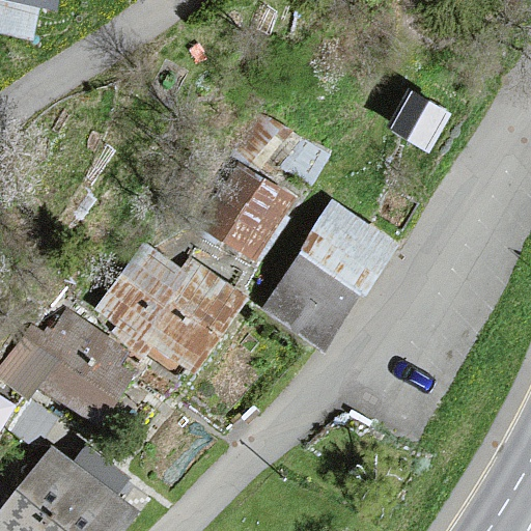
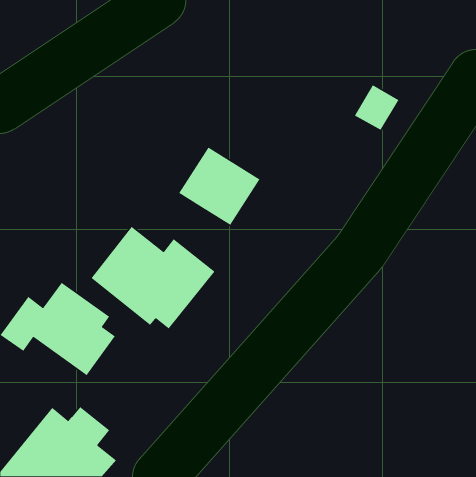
building: [266,205,389,343] -> none

